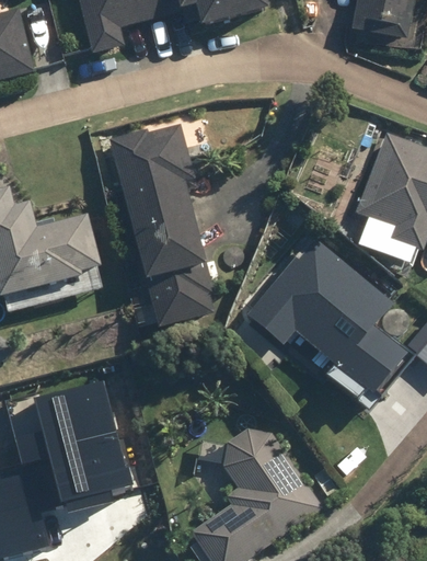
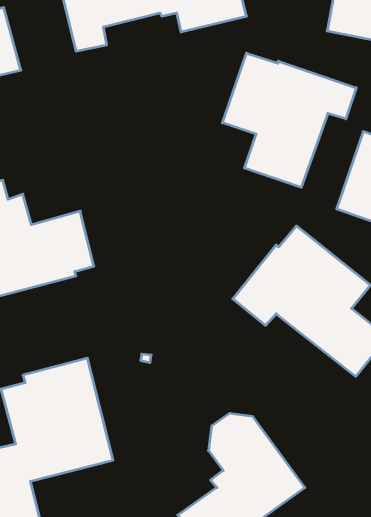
building: none -> [222,53,356,187]
building: [111,125,217,334] -> none

